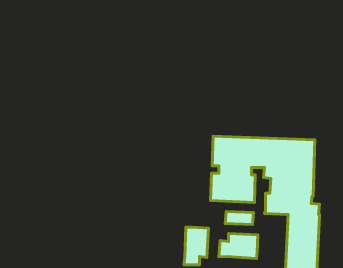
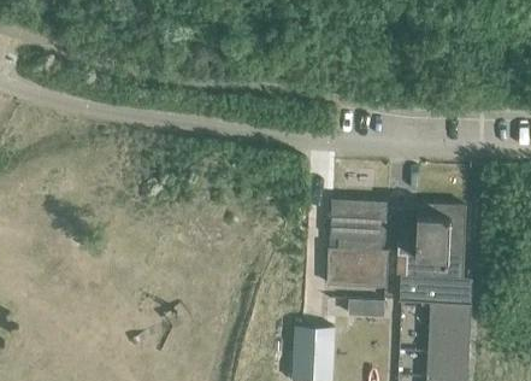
building: [219,234,258,259] -> none

